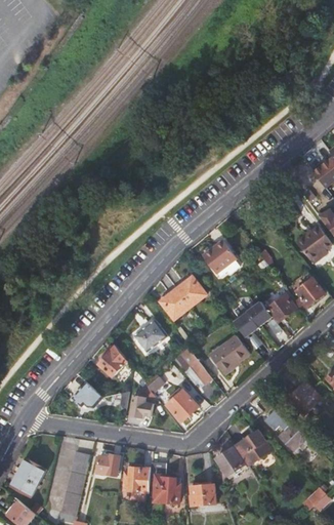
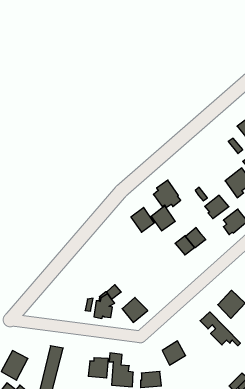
building: [159,287,190,319] -> [151,206,175,231]
building: [265,294,296,324] -> [205,195,229,219]
building: [134,319,168,353] -> none
building: [210,335,248,370] -> none
building: [98,345,127,376] -> none
building: [178,350,212,385] -> none
building: [72,382,102,407] -> none
building: [235,430,272,466] -> none
building: [94,454,118,477] -> none

